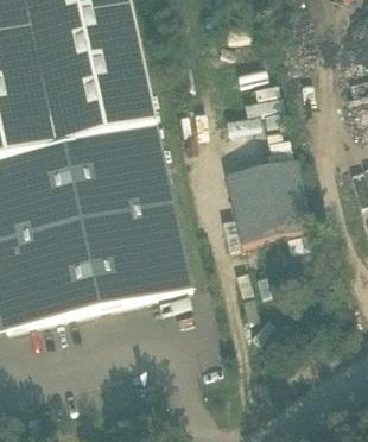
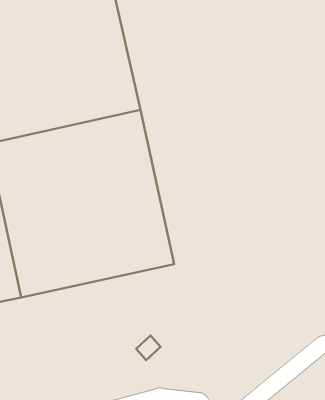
building: [224,158,310,244] -> none

